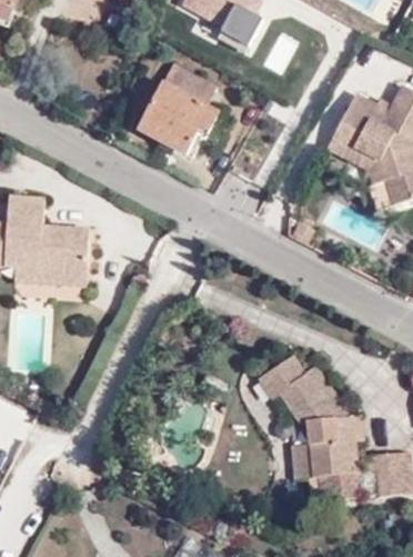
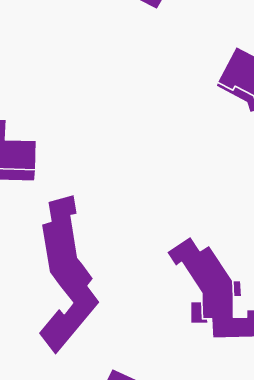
building: [135,66,222,159] -> none
building: none -> [38,194,100,356]

